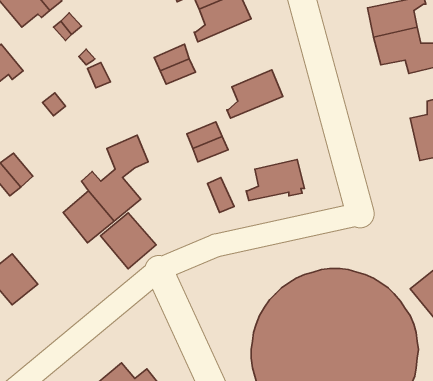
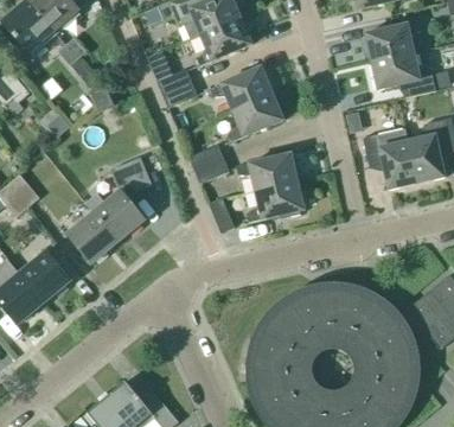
building: none -> [209,65,271,109]
building: none -> [363,132,416,189]
building: none -> [236,153,296,190]
building: [100,213,156,269] -> none
building: none -> [18,250,70,302]

